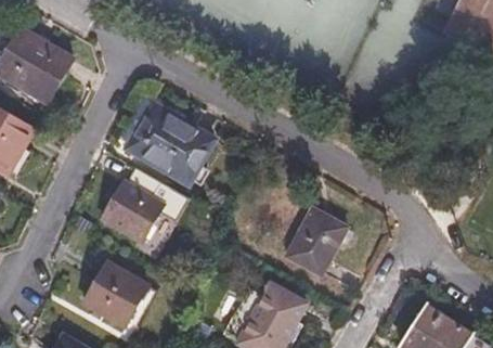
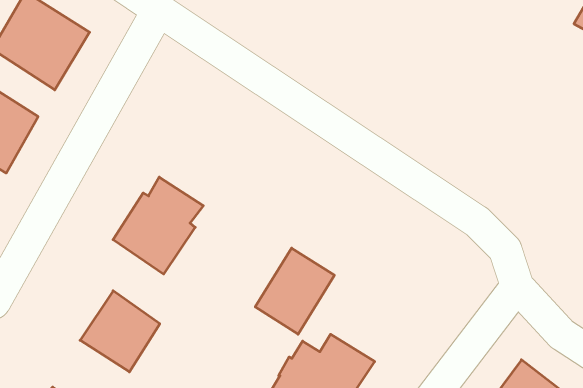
building: [124,104,209,182] -> none
building: [290,211,351,279] -> [255,248,334,334]

